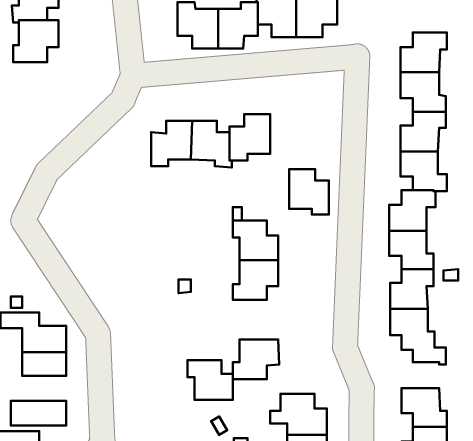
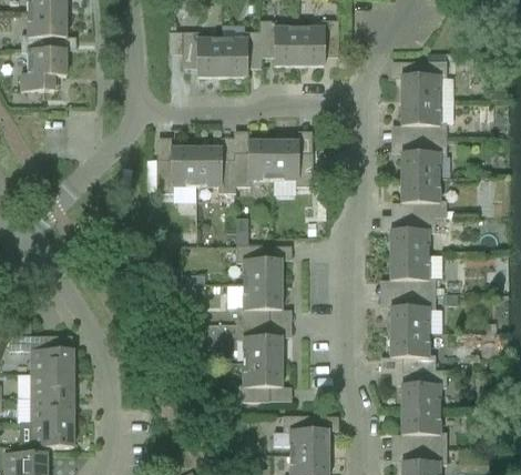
building: [289,169,329,214] -> [274,140,313,184]
building: [188,360,233,400] -> [237,322,282,361]
building: none -> [402,383,439,408]
building: none -> [31,396,74,421]

